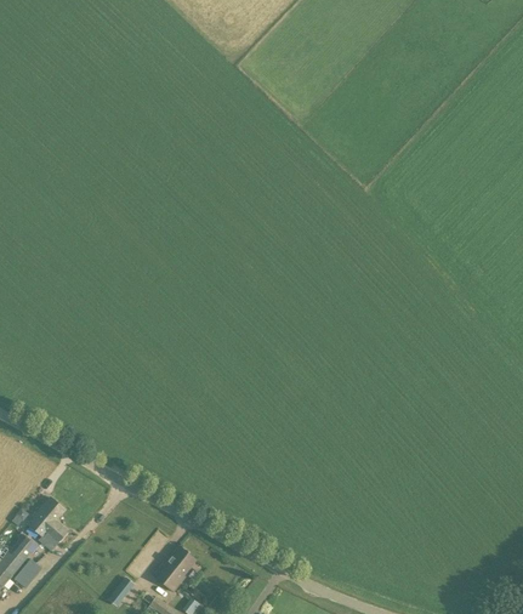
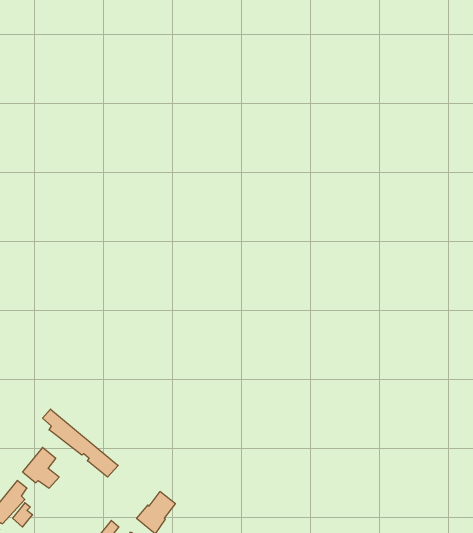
building: none -> [43,409,118,477]

